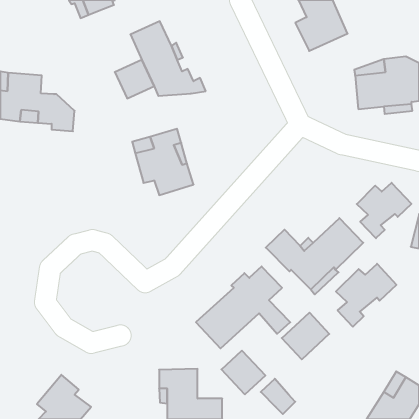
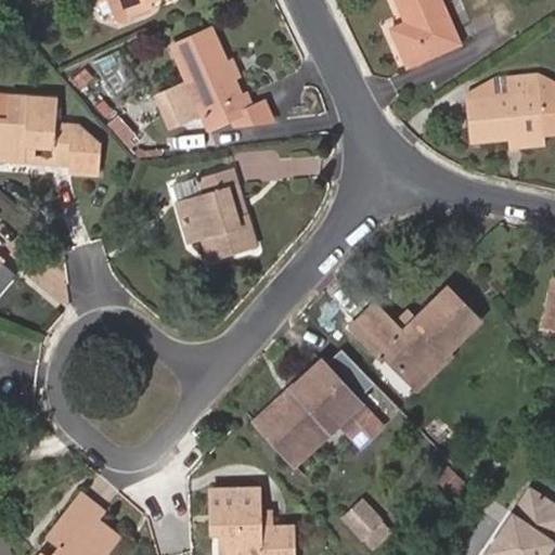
building: [357,183,411,238] -> none
building: [336,264,396,327] -> none
building: [282,313,329,359] -> none
building: [221,351,265,394] -> none

